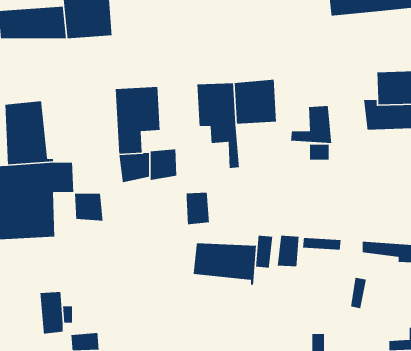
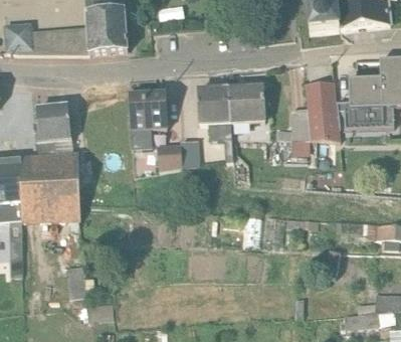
building: none -> [305,81,341,141]
building: [186,192,210,225] -> [180,139,200,167]
building: [74,193,104,221] -> none
building: [193,242,257,286] -> none

